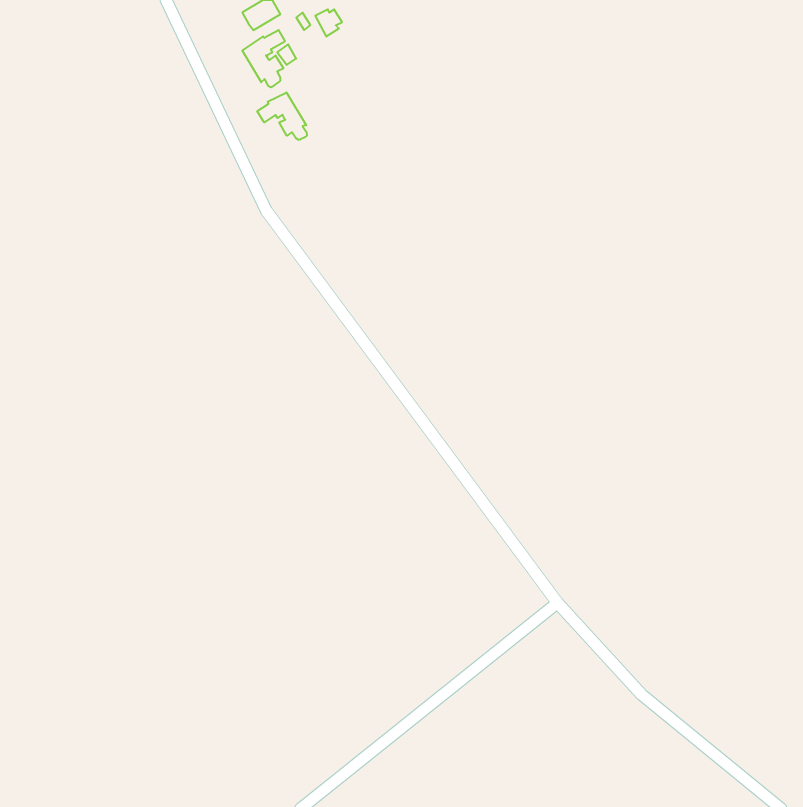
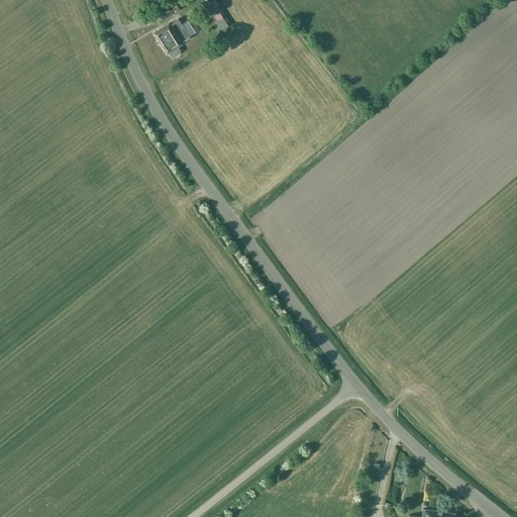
building: [257,92,307,140] -> none

